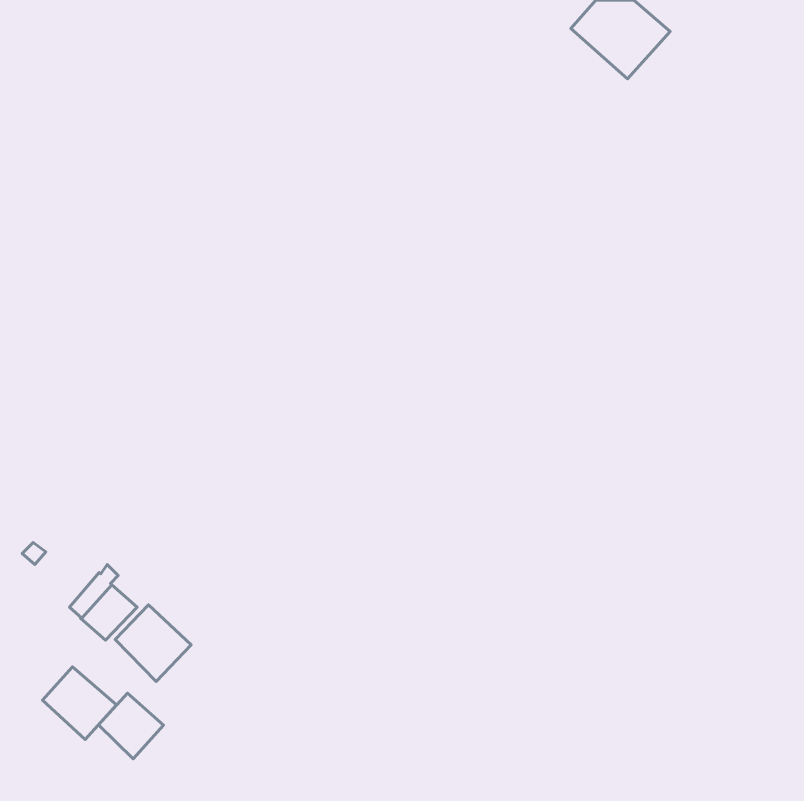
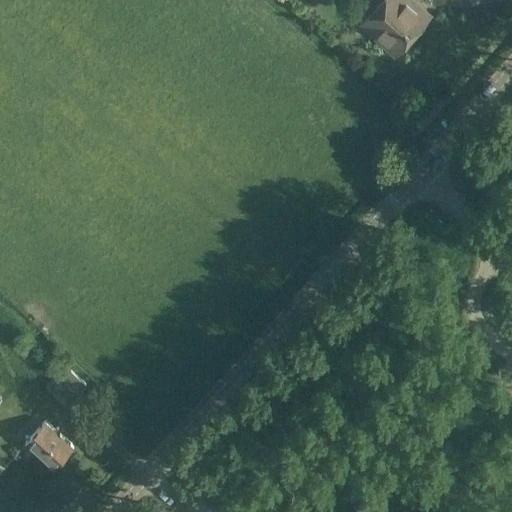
building: [115,605,191,681] -> none
building: [98,693,164,759] -> none

